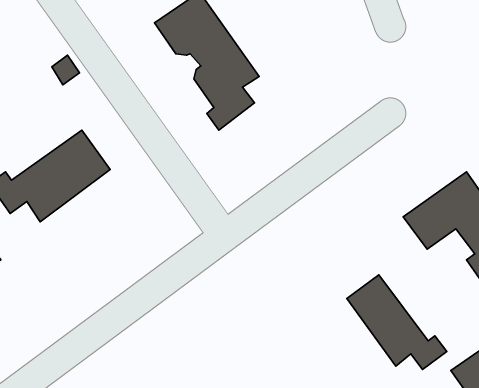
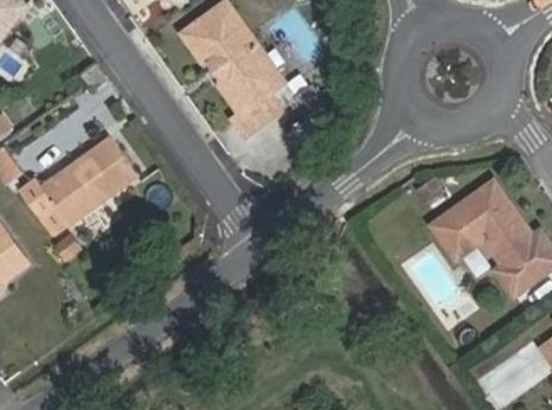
building: [347,275,447,369] -> none

